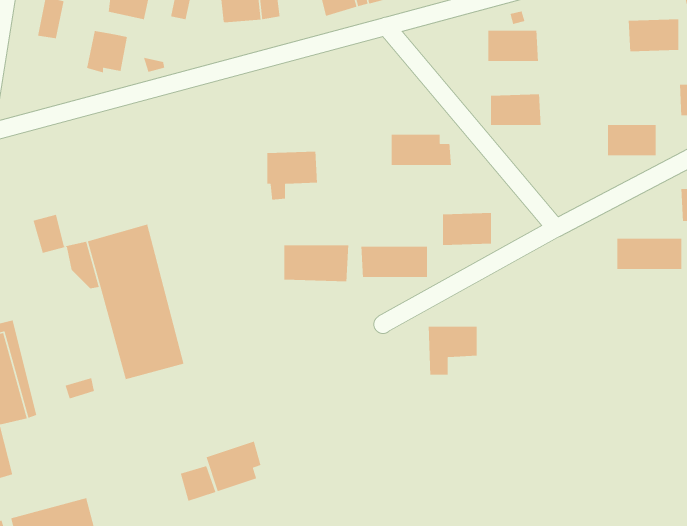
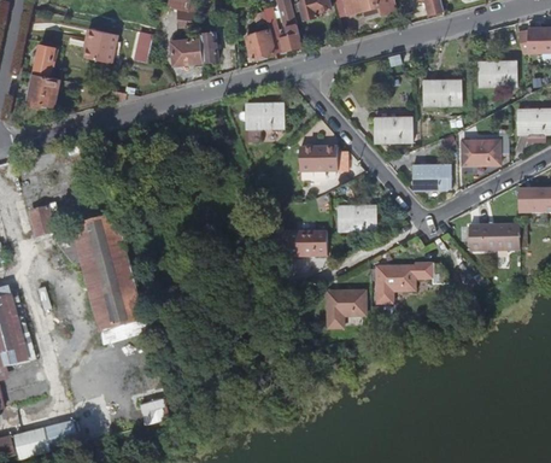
building: [487,30,539,62] -> [422,80,461,104]
building: [86,30,128,73] -> [27,74,58,106]
building: [267,151,318,201] -> [246,104,285,141]
building: none -> [411,164,450,189]
building: [283,244,349,282] -> none
building: none -> [376,263,447,304]
building: [206,440,261,492] -> none

